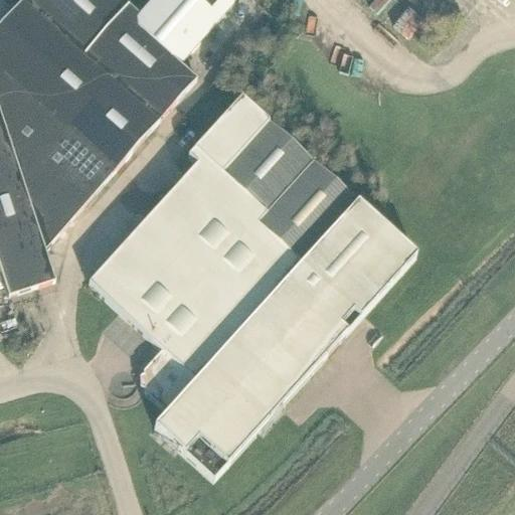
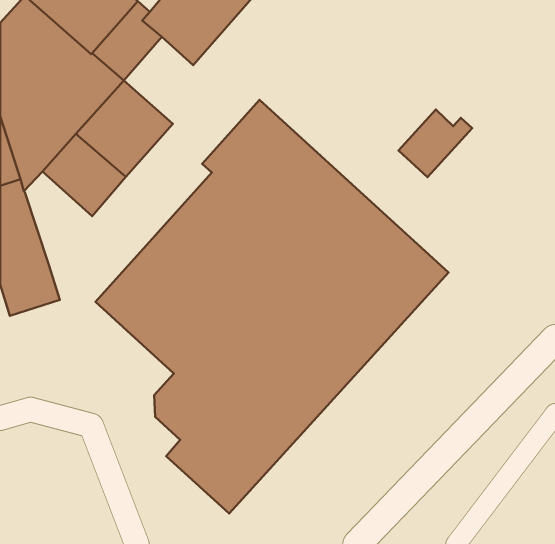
building: [115,34,196,115] -> none
building: none -> [398,109,472,177]
building: [22,159,85,245] -> none

